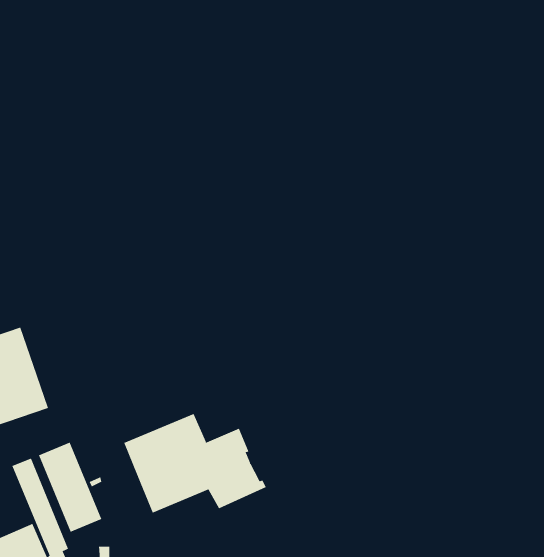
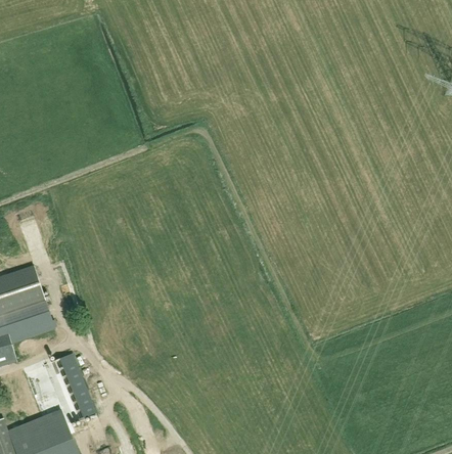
building: [124,413,267,513] -> none

